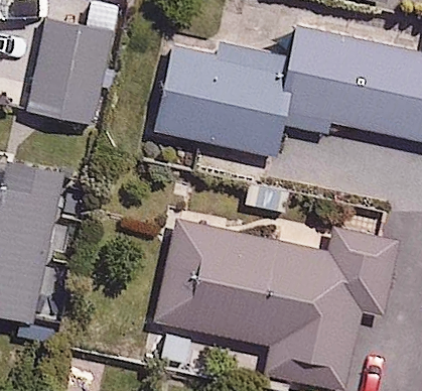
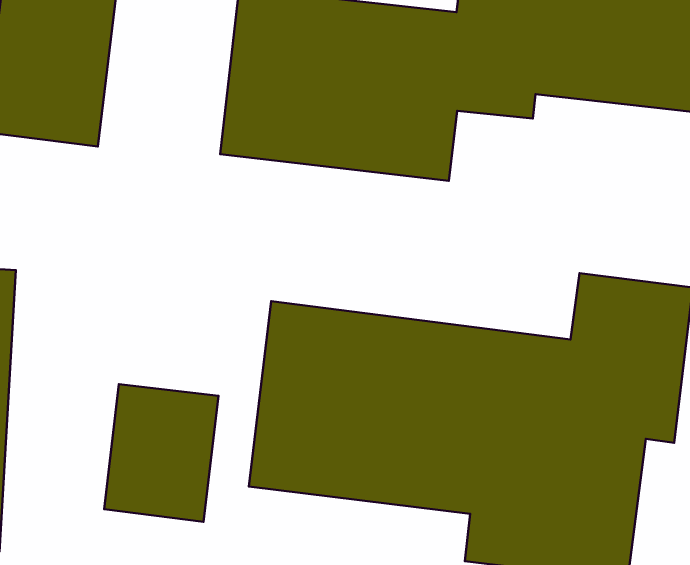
building: none -> [104,384,219,522]

